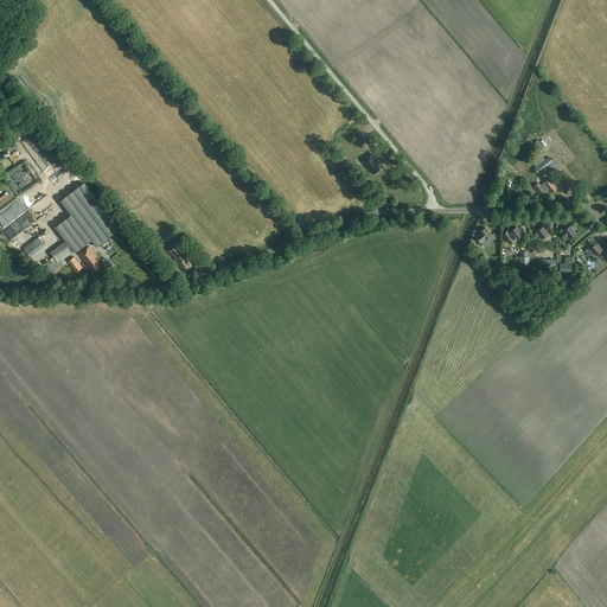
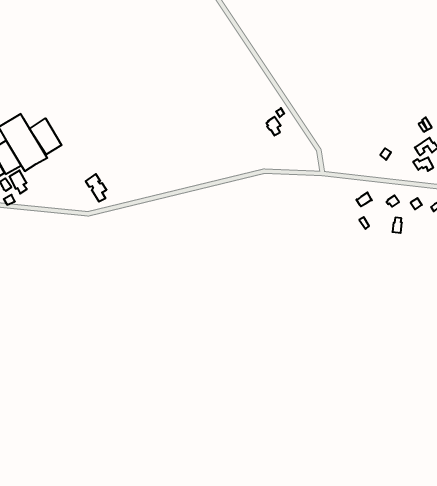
building: none -> [30,118,62,154]

